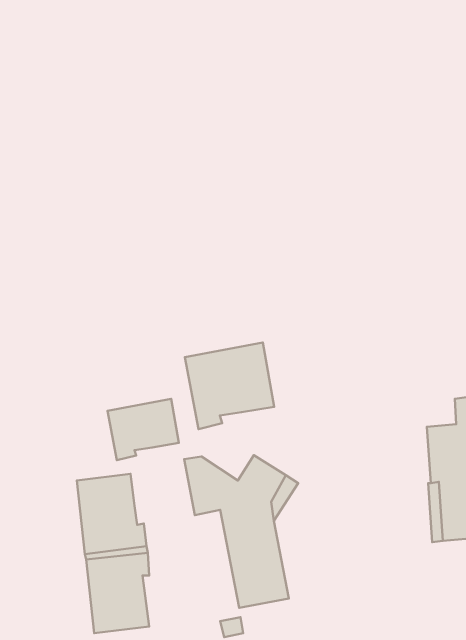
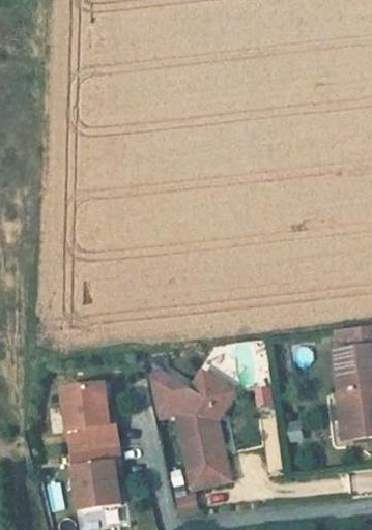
building: [185,343,274,429] -> none
building: [107,399,179,460] -> none

